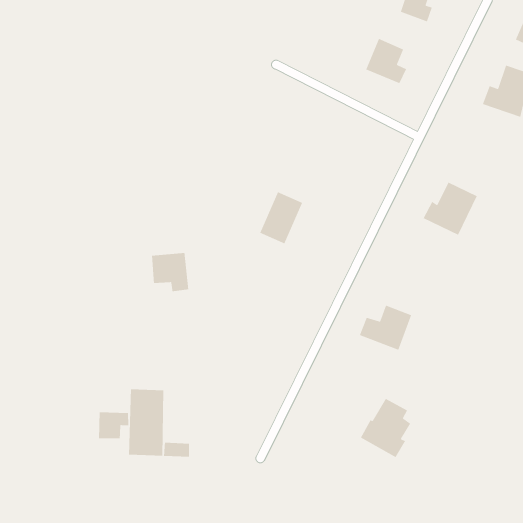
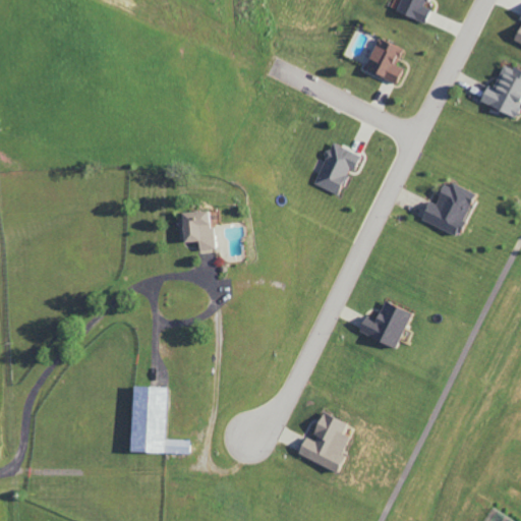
building: [259,191,303,244] -> [314,141,358,194]
building: [151,252,189,292] -> [179,211,217,250]
building: [360,398,411,458] -> [297,412,348,472]
building: [98,411,129,439] -> none

